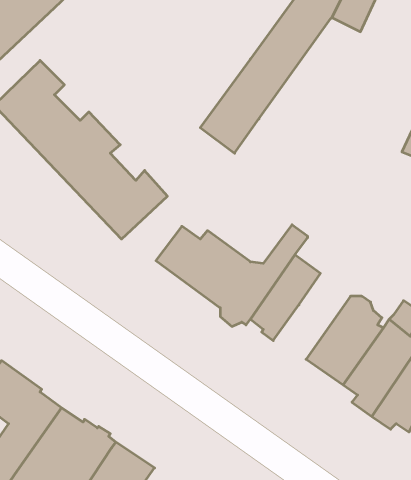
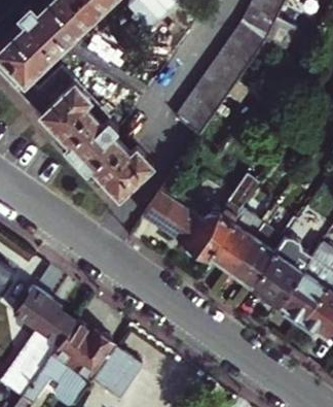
building: none -> [231,227,288,289]

